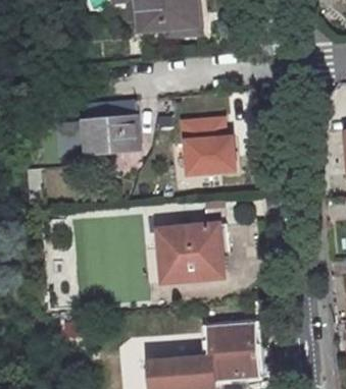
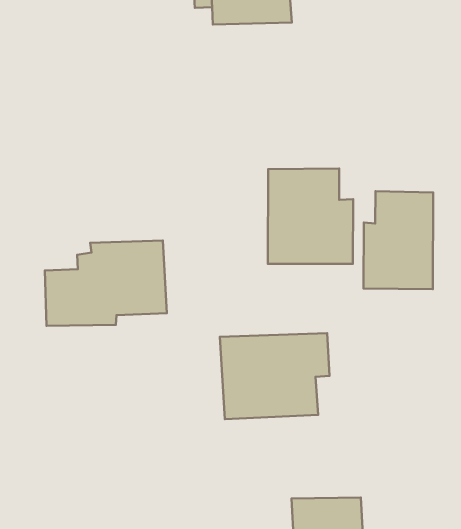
building: [57,101,138,160] -> [45,241,167,326]
building: none -> [364,191,433,289]

